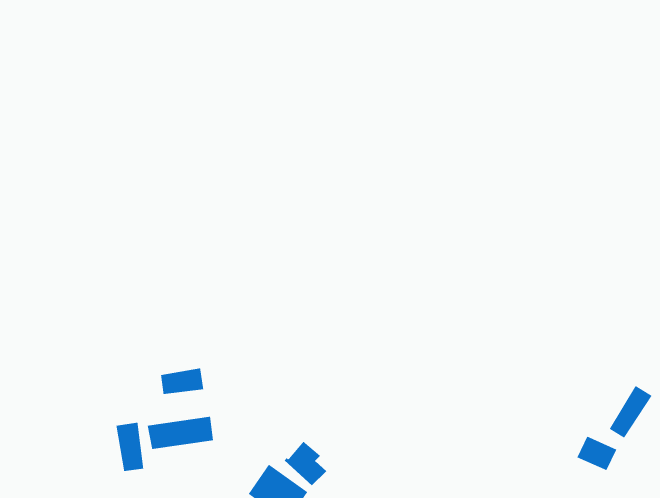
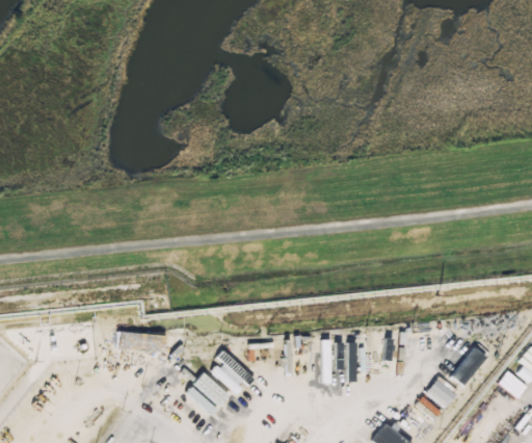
building: [160,368,204,395] -> none
building: [116,422,144,472] -> none

